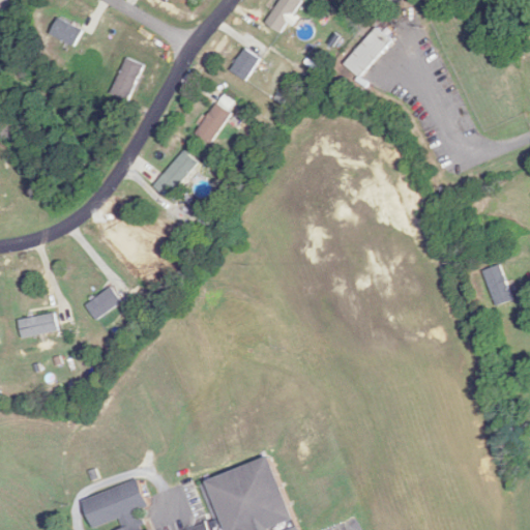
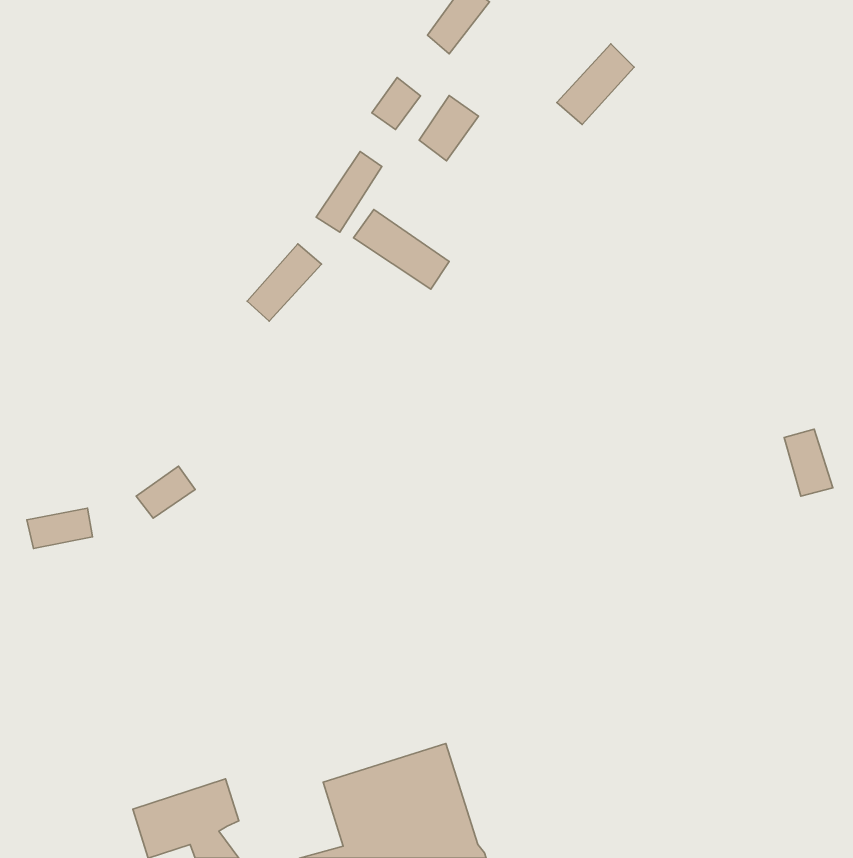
building: [49,17,82,47] -> none
building: [110,57,142,100] -> none
building: none -> [419,95,479,161]
building: none -> [354,209,449,289]

